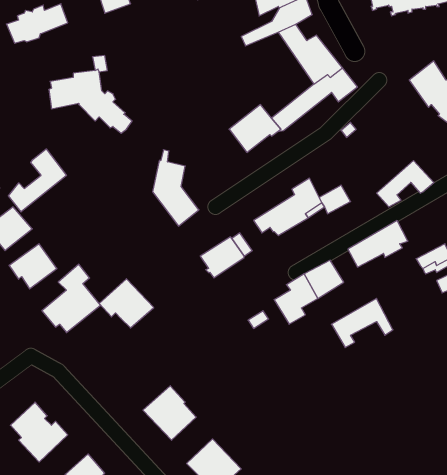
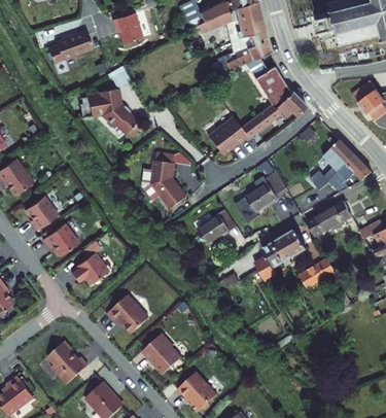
building: none -> [304,143,349,190]
building: [8,149,66,212] -> none
building: [99,279,154,328] -> [109,293,150,330]

